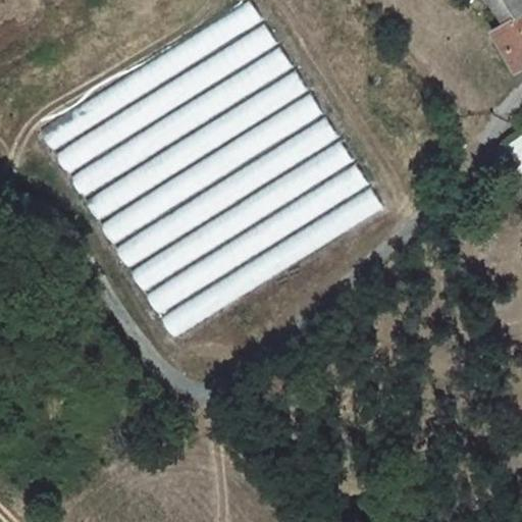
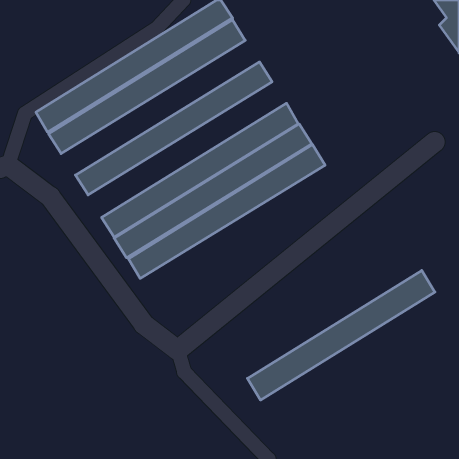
building: [70,46,294,198] -> none
building: [100,93,323,245] -> none
building: [160,188,383,340] -> none
building: none -> [247,270,435,400]

